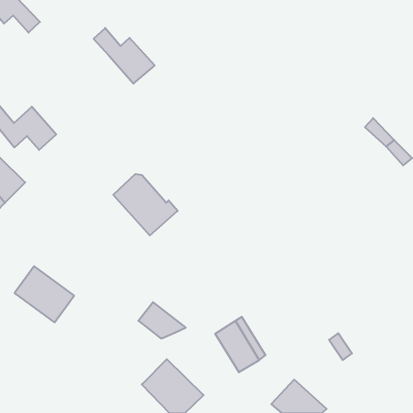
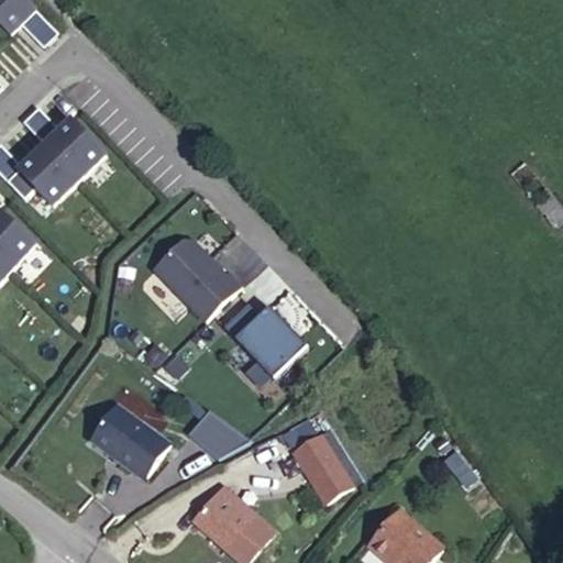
building: [94,28,155,84] -> [22,107,104,181]
building: none -> [223,303,306,379]
building: [15,266,74,322] -> [89,402,169,478]

